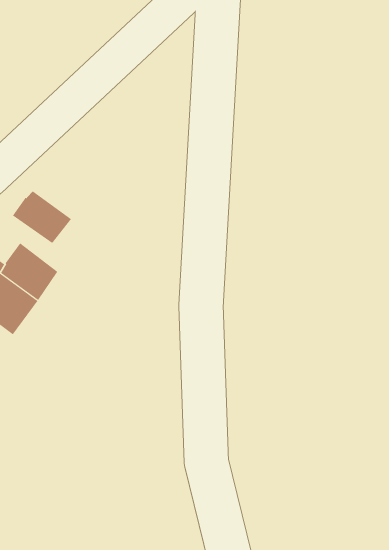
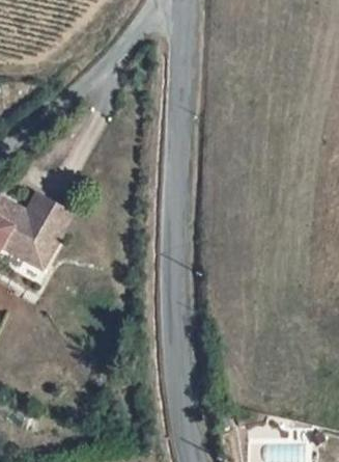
building: [12,191,72,244] -> none

